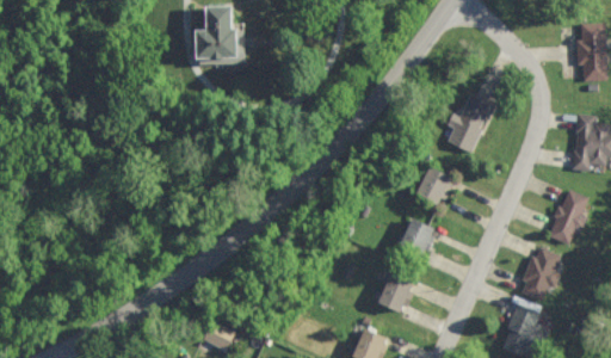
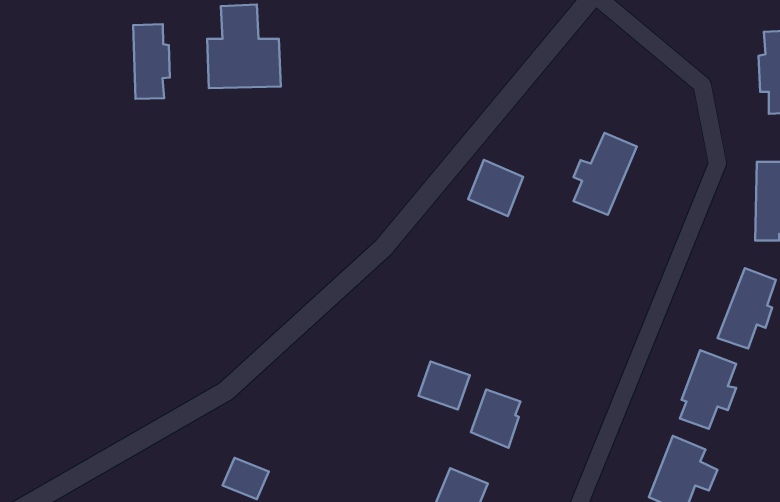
building: none -> [133,24,170,99]
building: [415,166,453,205] -> [468,160,523,216]
building: [400,218,436,252] -> [418,361,470,409]

